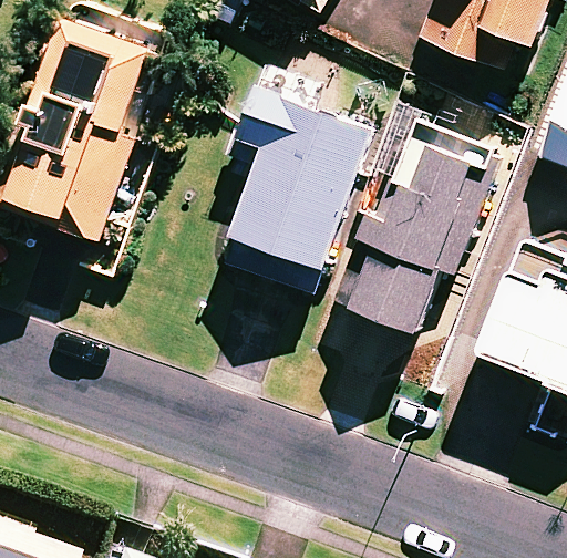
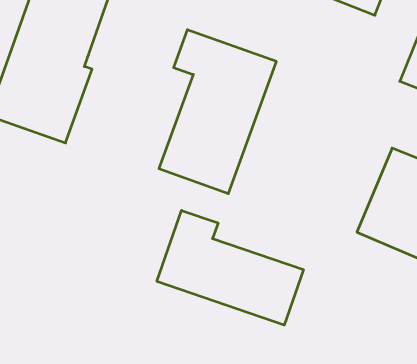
building: [334,142,473,330] -> none
building: none -> [157,210,303,325]

